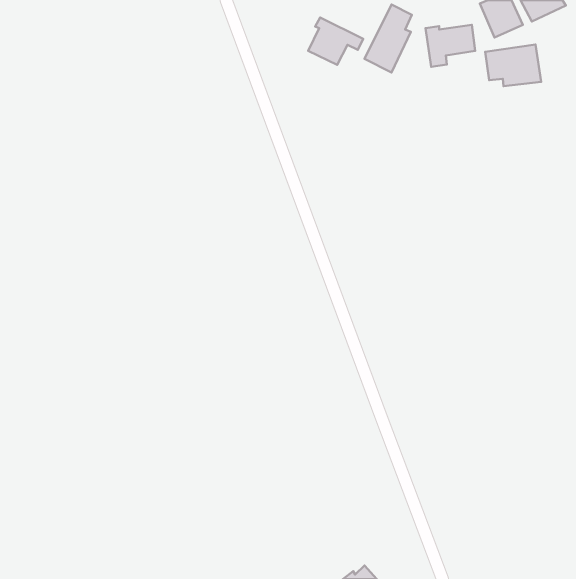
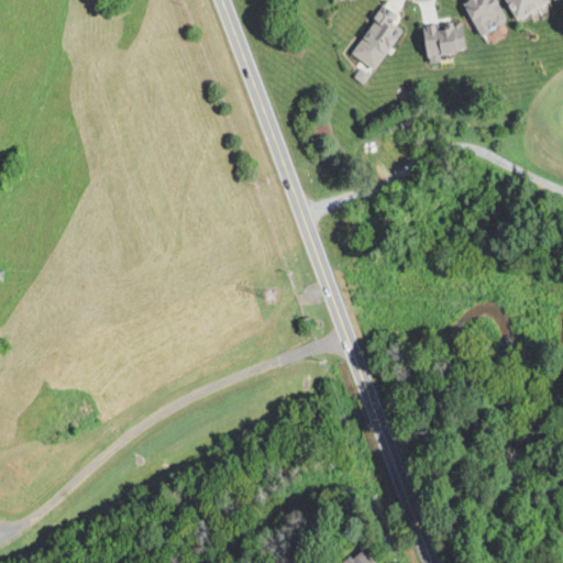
building: [308,17,363,65] -> none
building: [485,45,541,86] -> none

